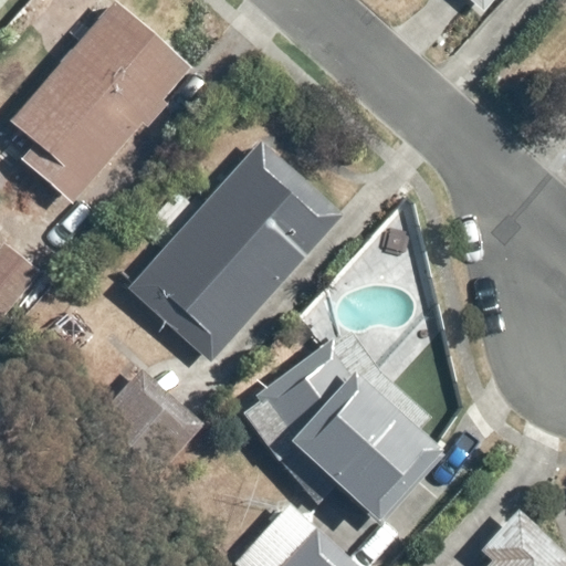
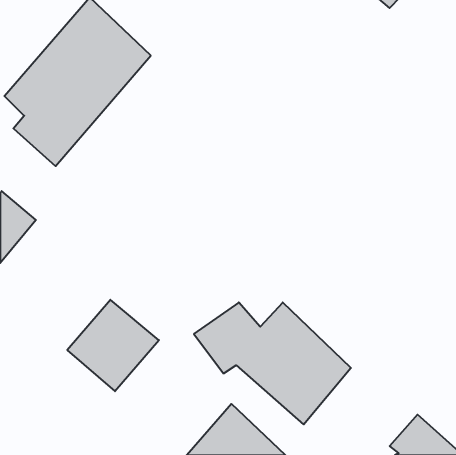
building: [129,137,346,364] -> none

